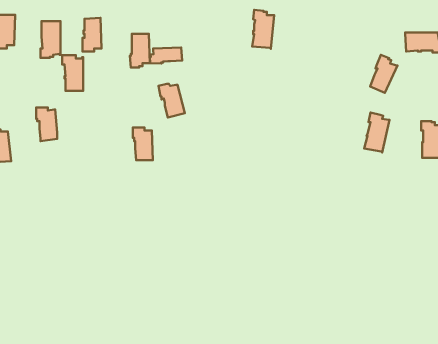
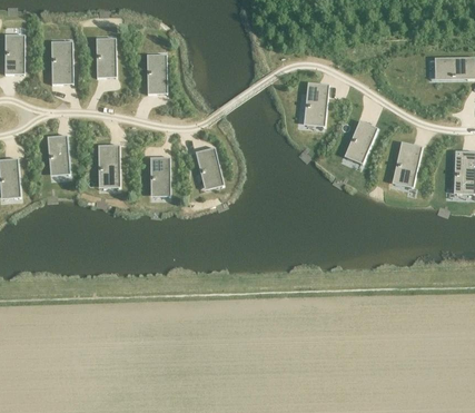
building: [252,10,274,49] -> [305,82,328,124]
building: [150,48,182,63] -> none
building: [370,55,398,93] -> [347,120,376,160]
building: [62,55,83,91] -> [97,146,119,184]
building: [158,84,185,117] -> [195,150,222,186]

